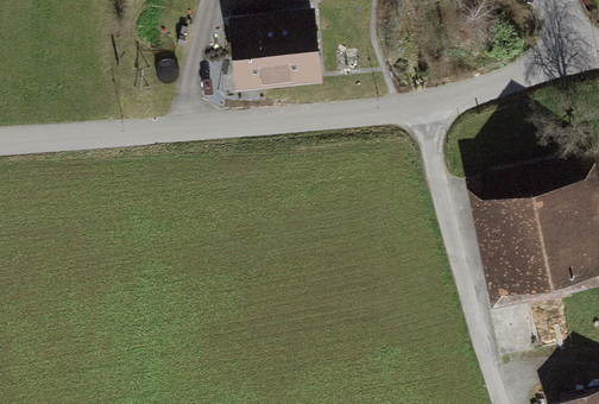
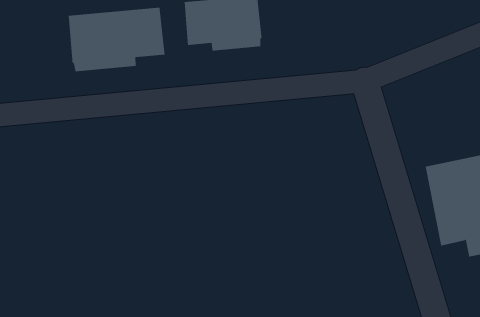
building: none -> [68,7,165,72]

